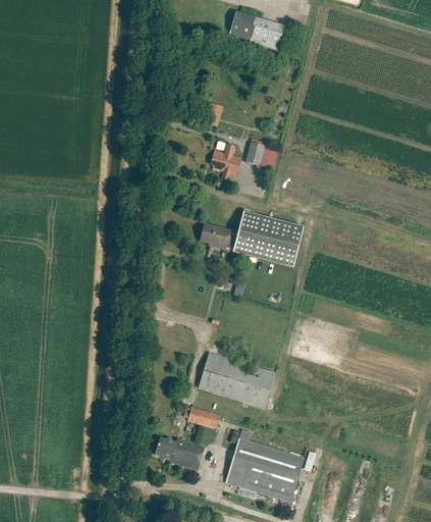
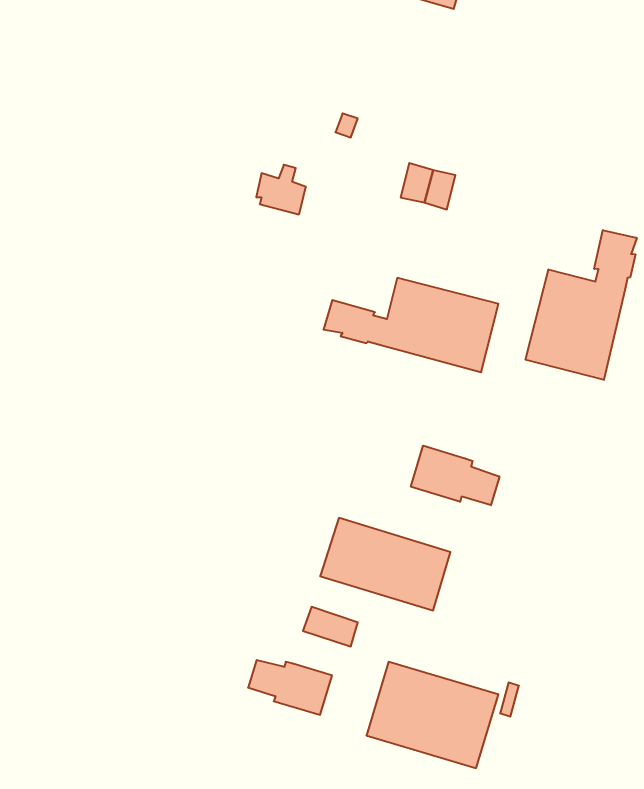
building: [211,145,240,174] -> [256,165,306,214]
building: none -> [526,230,637,380]
building: none -> [411,446,499,505]

